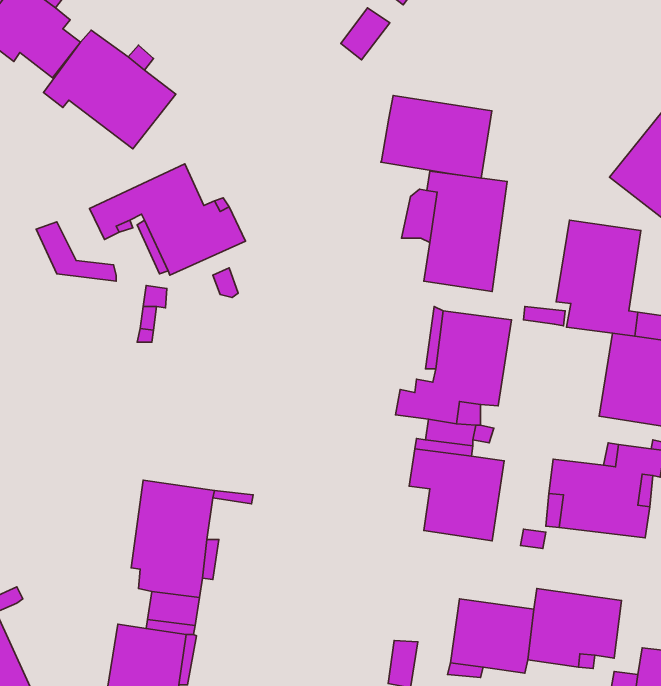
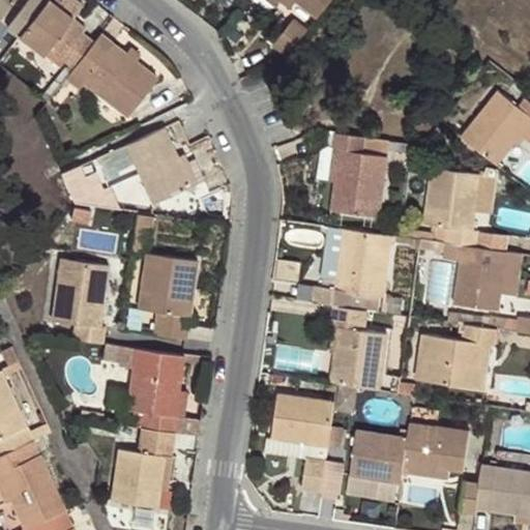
building: [381,96,492,178] -> none
building: none -> [139,253,199,340]
building: none -> [52,258,124,345]
building: none -> [271,394,333,447]

